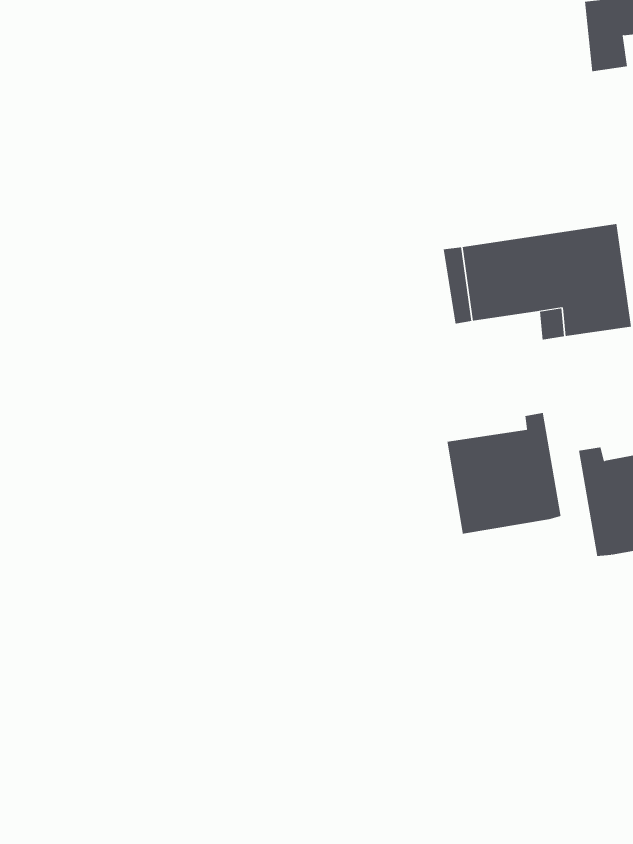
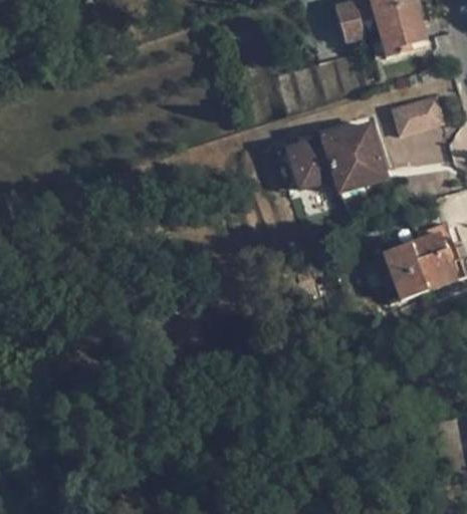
building: [447,412,561,534] -> none

